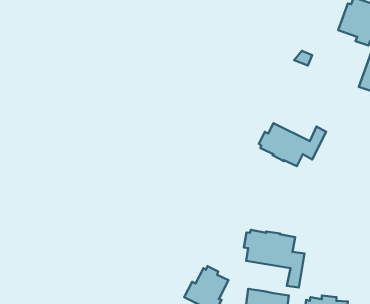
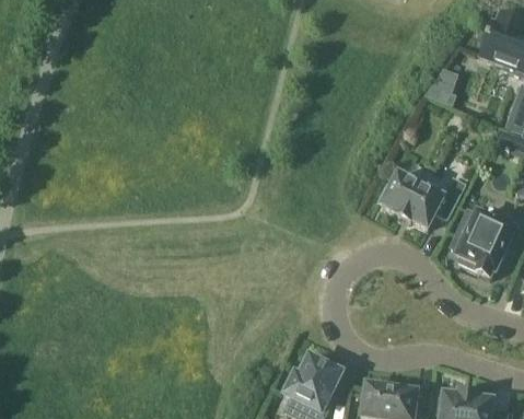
building: none -> [457,209,515,276]
building: [244,230,305,287] -> none

